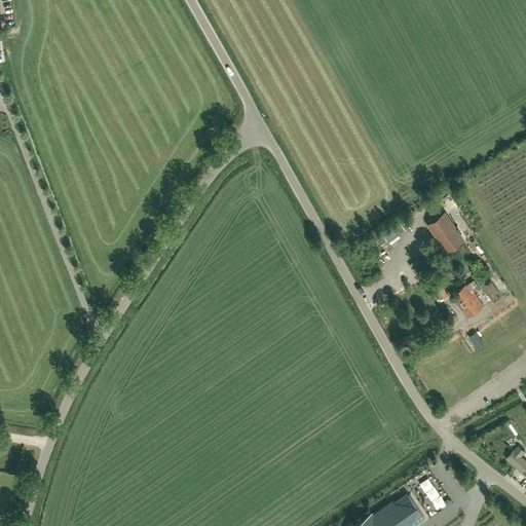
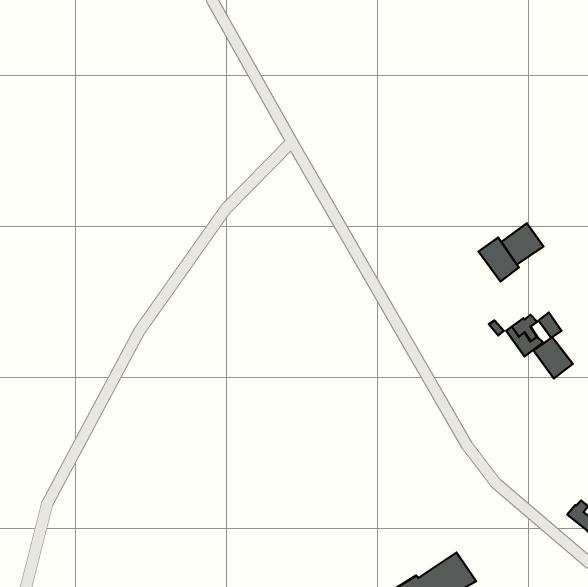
building: none -> [501,223,543,264]
building: none -> [534,337,573,378]

